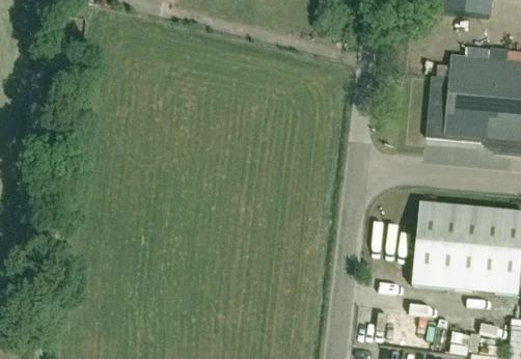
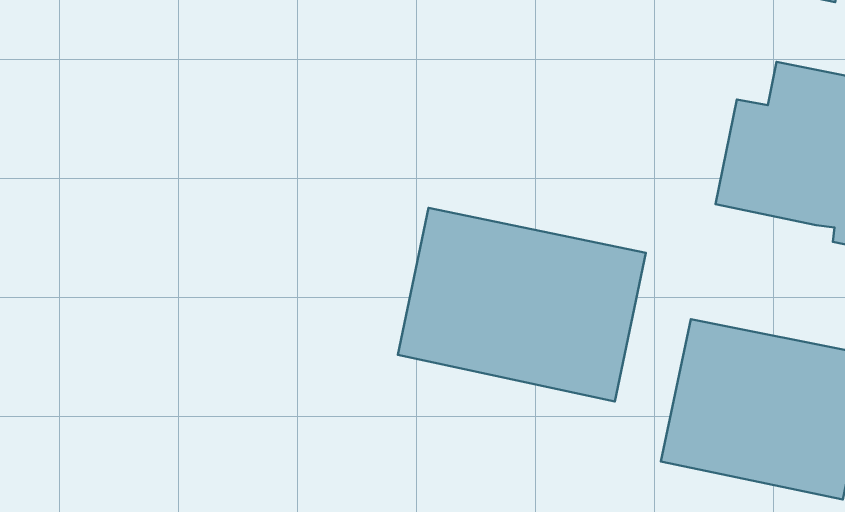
building: none -> [398,208,646,402]

